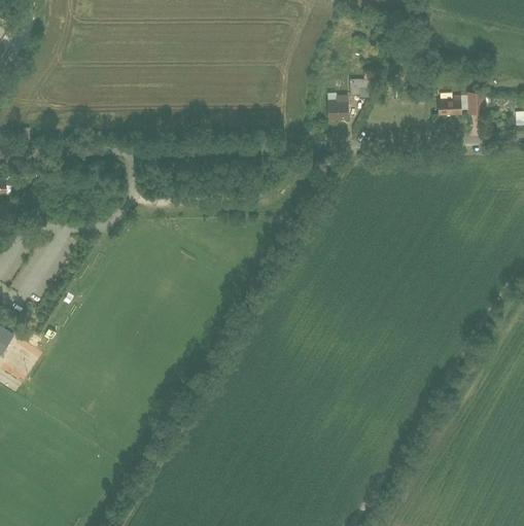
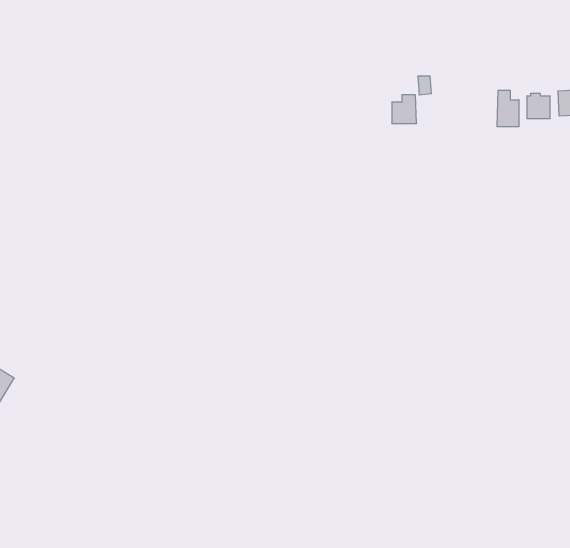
building: none -> [497,90,519,127]

